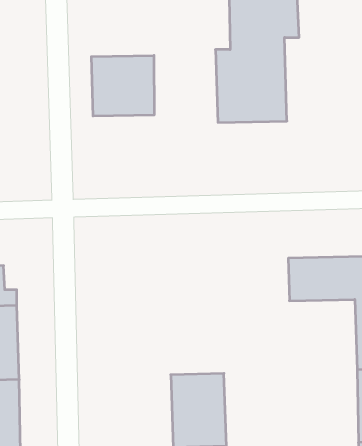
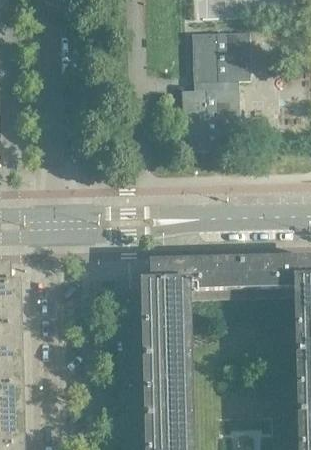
building: [91,55,154,116] -> none
building: none -> [142,254,242,350]

